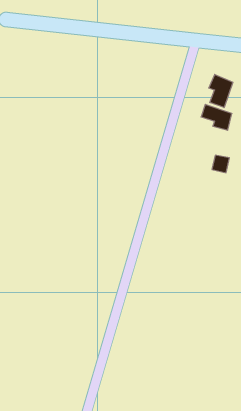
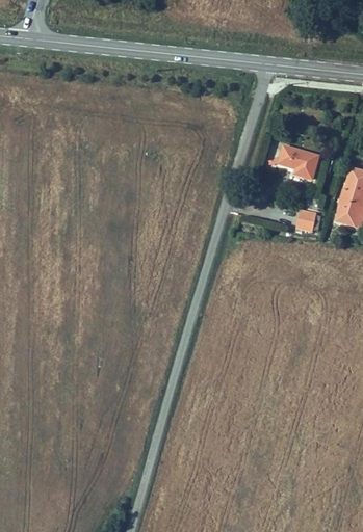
building: [209,74,233,108] -> none

